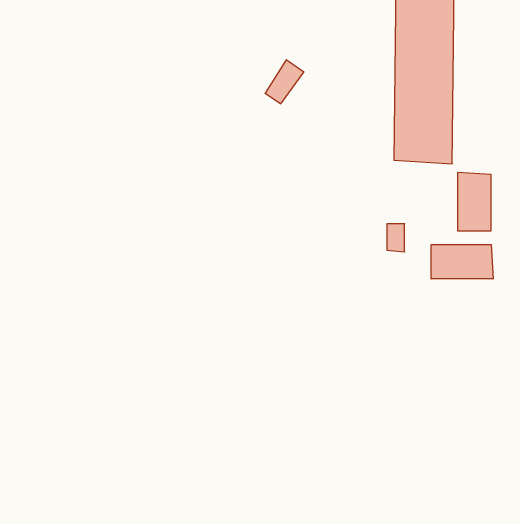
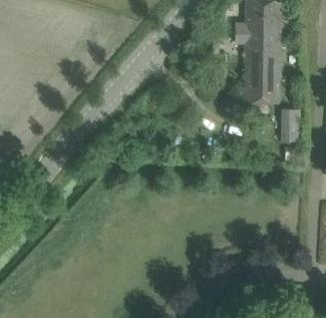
building: [431,245,493,279] -> none

